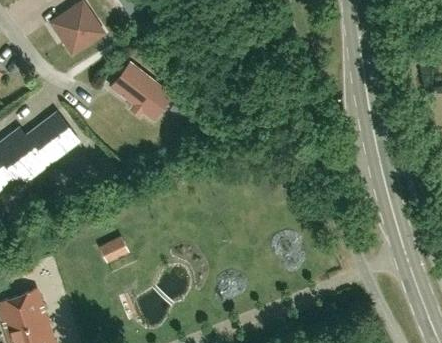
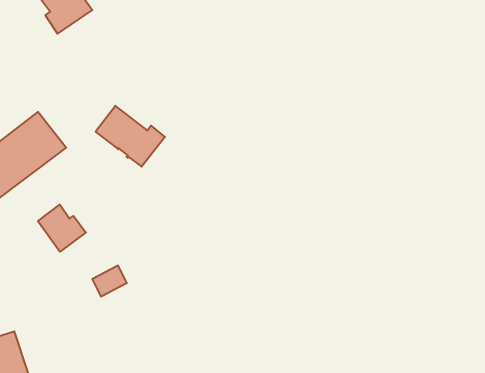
building: [116,70,172,119] -> [96,106,165,167]
building: none -> [38,204,86,252]

